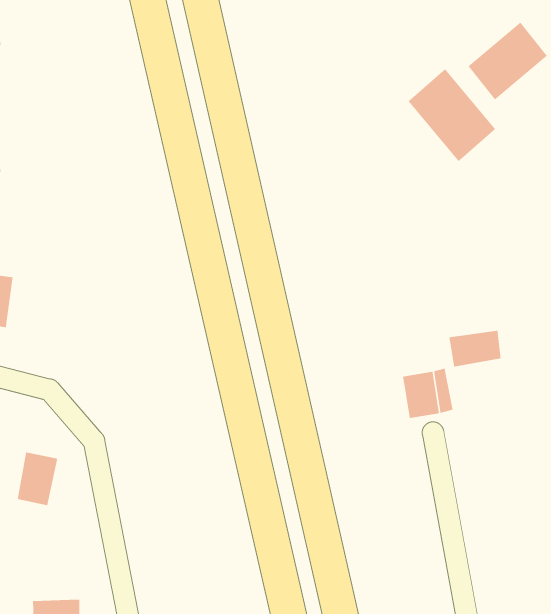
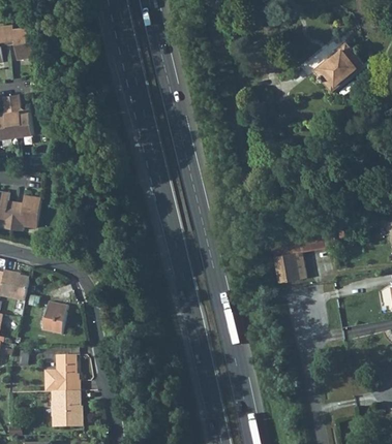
building: [407,68,496,162] -> none
building: none -> [43,355,79,391]

